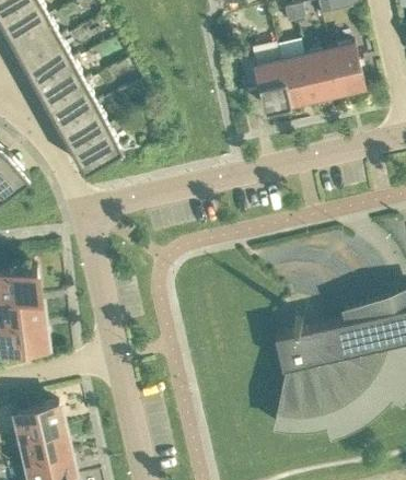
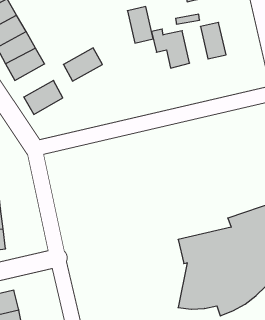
building: [327,43,362,92] -> none
building: [279,55,313,103] -> [127,7,153,43]
building: [58,104,109,148] -> [63,48,102,81]

